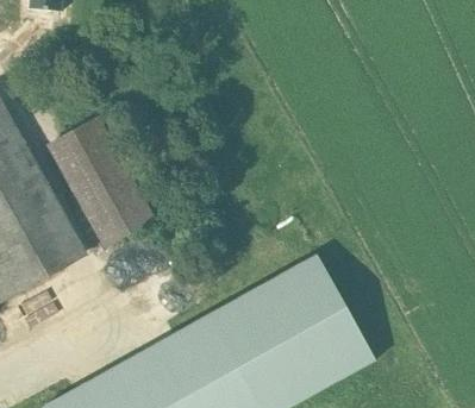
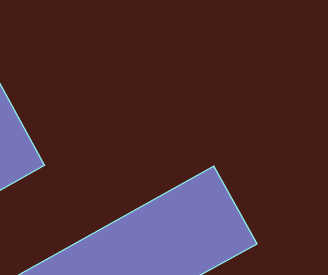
building: [48,119,154,246] -> none

